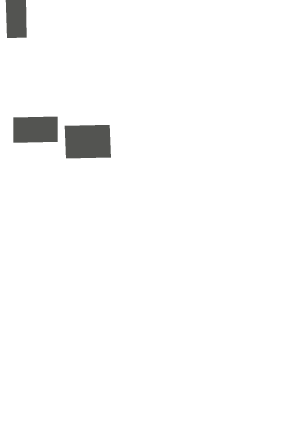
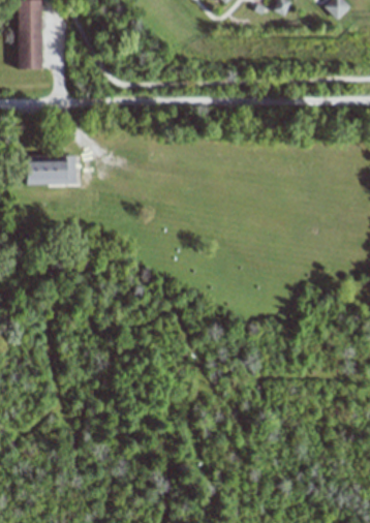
building: [64,124,111,159] -> none

